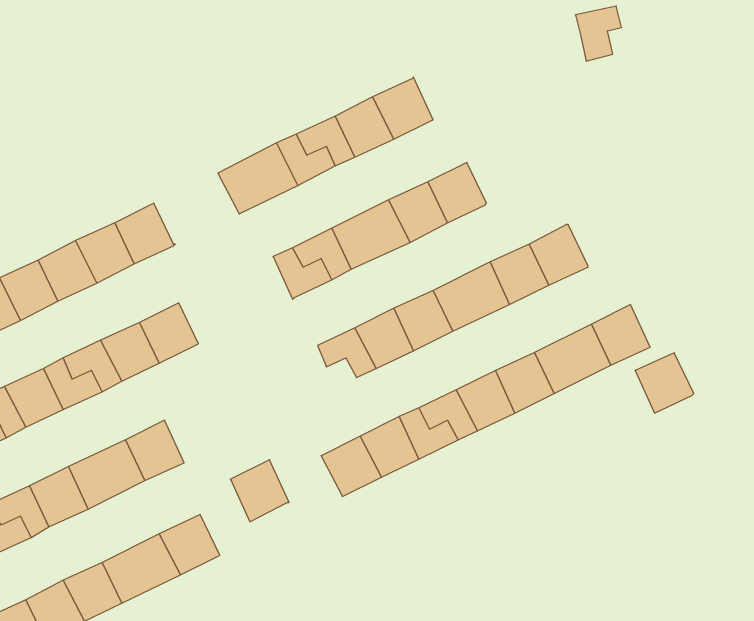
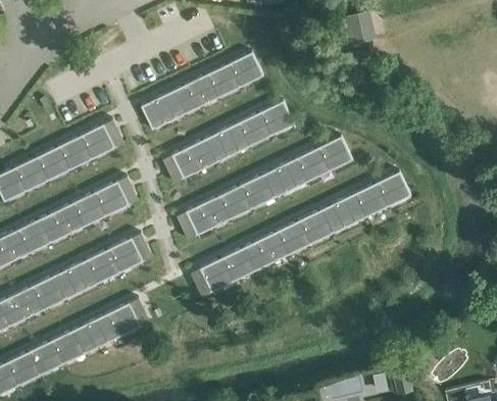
building: none -> [185,205,219,235]
building: [635,353,694,413] -> [377,171,410,206]
building: [230,460,289,522] -> [109,237,143,272]

